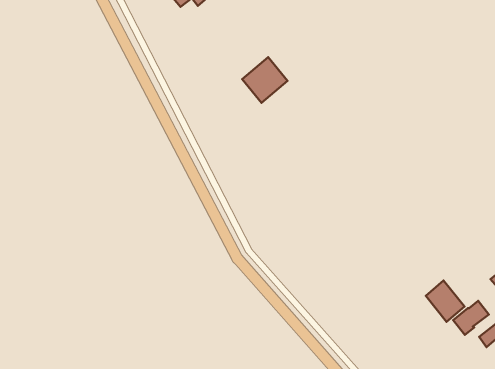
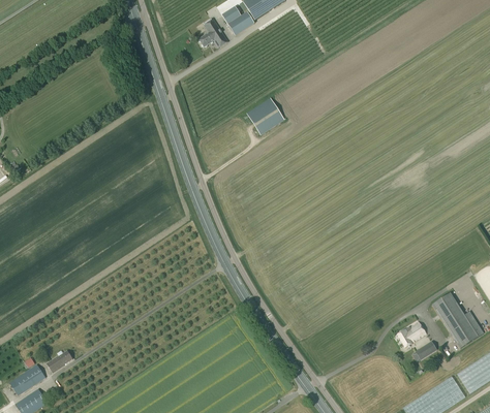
building: [426,281,464,322] -> none

